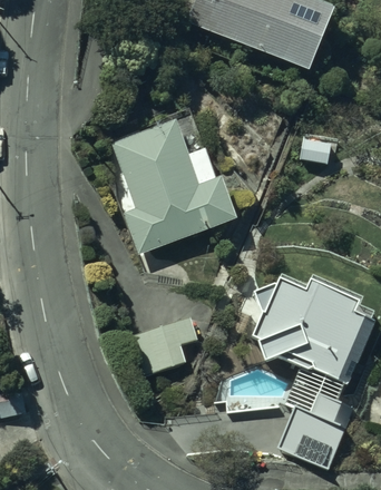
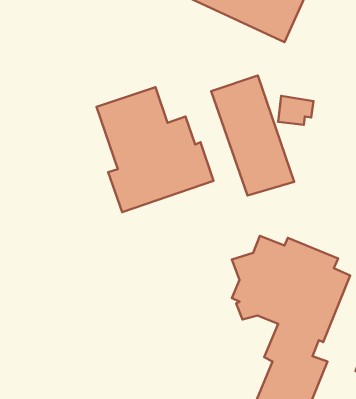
building: none -> [211,76,294,195]
building: [133,315,195,370] -> none

